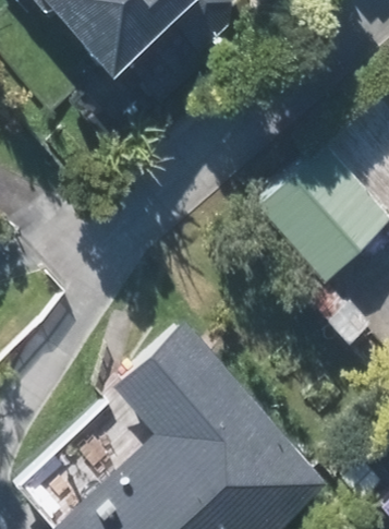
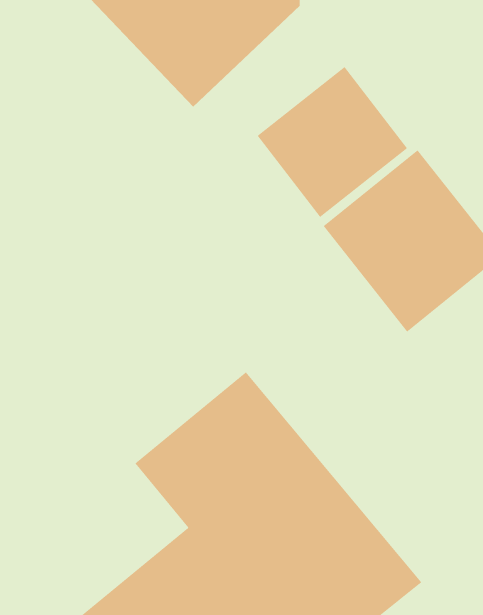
building: none -> [257,66,408,218]

